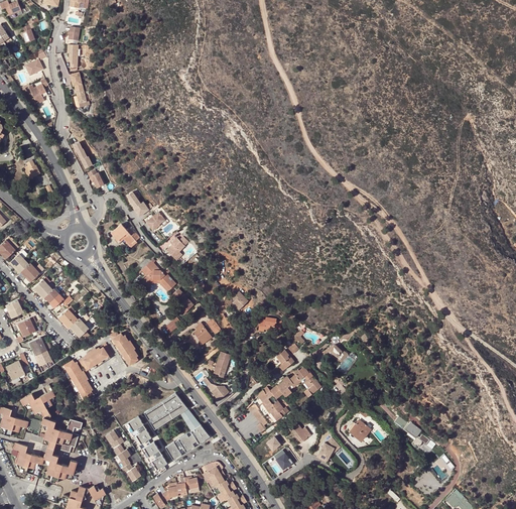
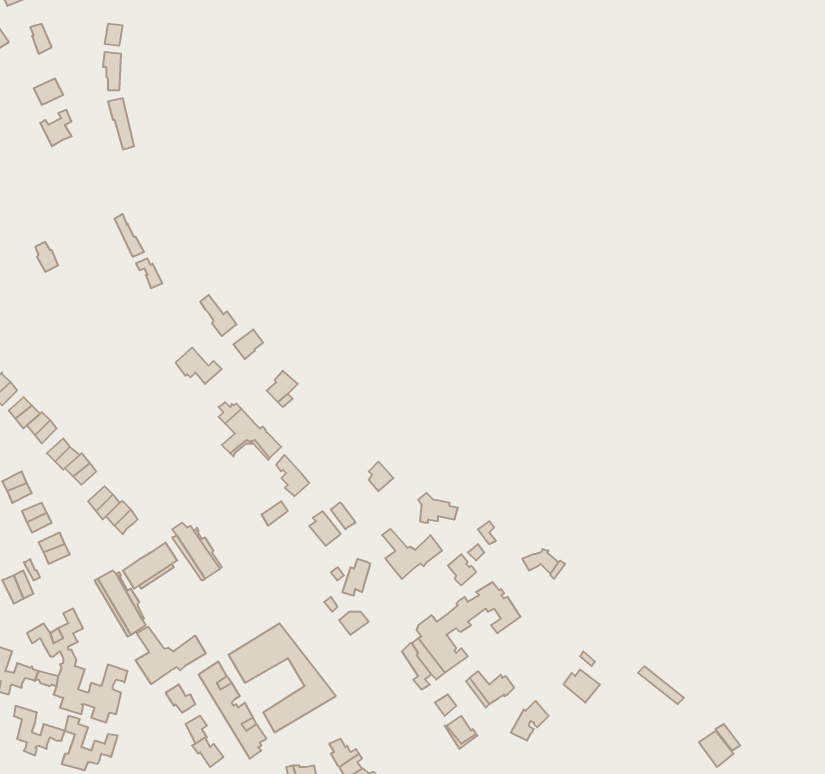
building: none -> [382,529,442,579]
building: none -> [135,627,206,684]

